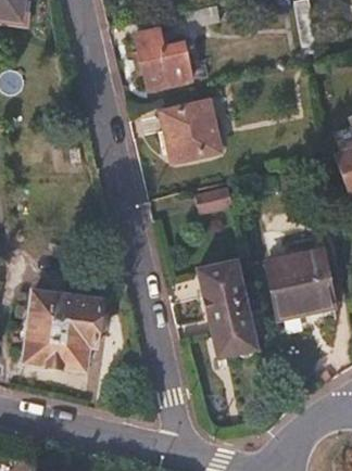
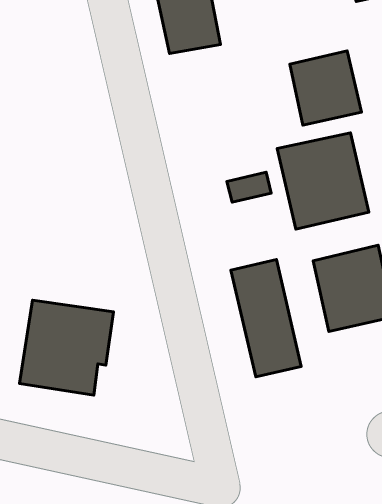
building: [161,99,221,161] -> [290,51,361,125]
building: none -> [277,133,369,229]

